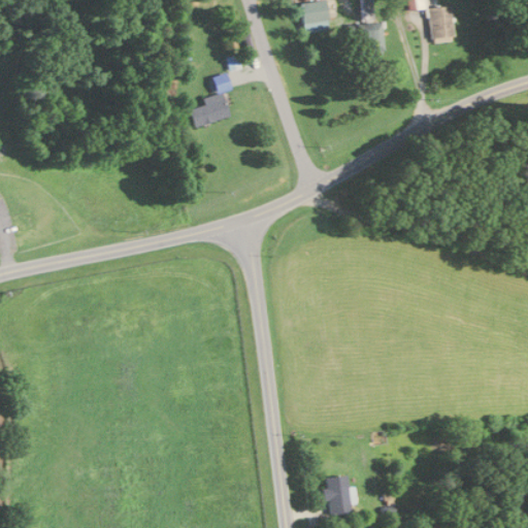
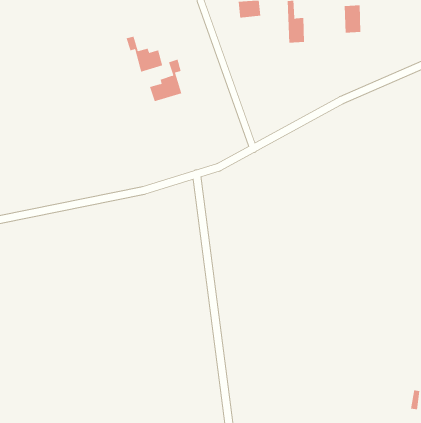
building: none -> [126,36,163,72]
building: [328,474,357,515] -> none

